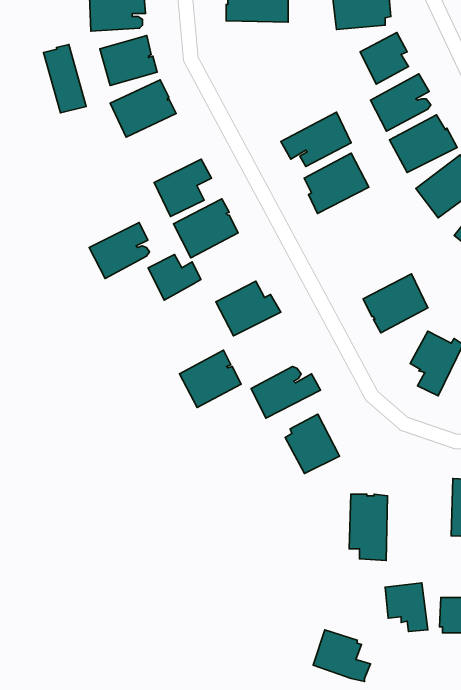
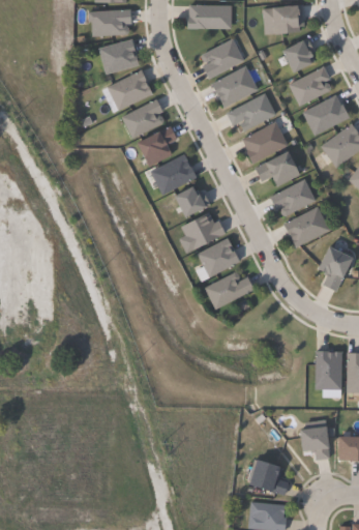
building: none -> [202,38,244,78]
building: [43,45,86,113] -> none
building: none -> [212,65,259,107]
building: none -> [256,151,300,186]
building: [89,222,149,278] -> [122,98,164,138]
building: none -> [270,178,317,215]
building: [148,254,201,300] -> [174,186,211,218]
building: [179,350,241,408] -> [198,237,241,277]
building: [285,414,339,474] -> none
building: [349,494,387,560] -> [316,349,342,395]

